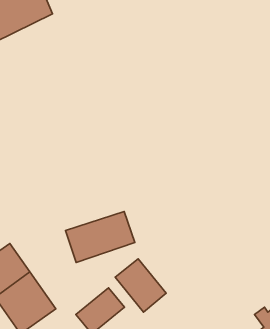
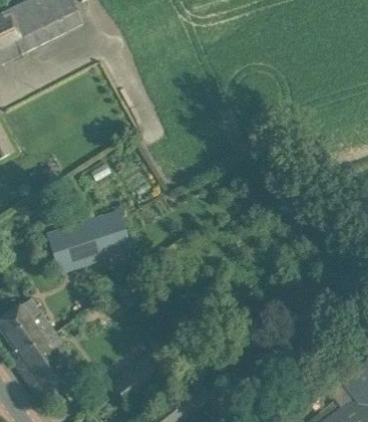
building: [65,211,135,262] -> [47,211,130,272]
building: [115,259,166,312] -> none

